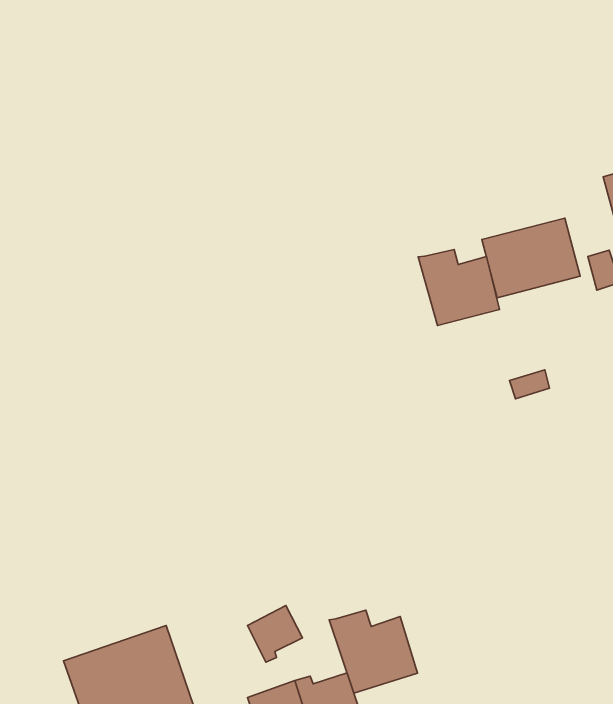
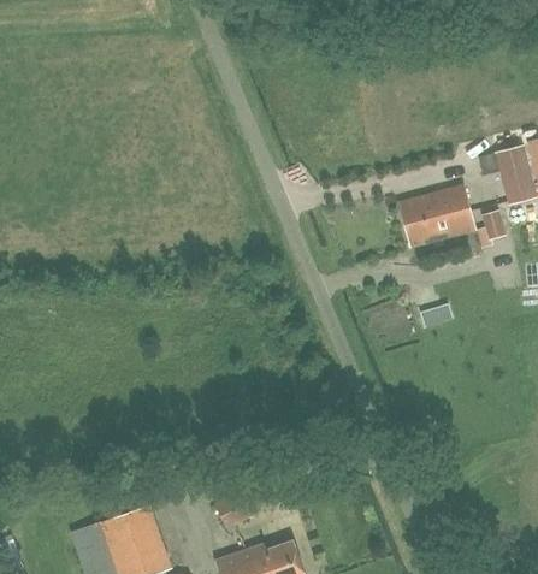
building: [418,249,500,326] -> none
building: [329,610,417,693] -> none

